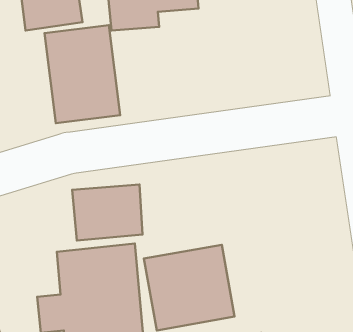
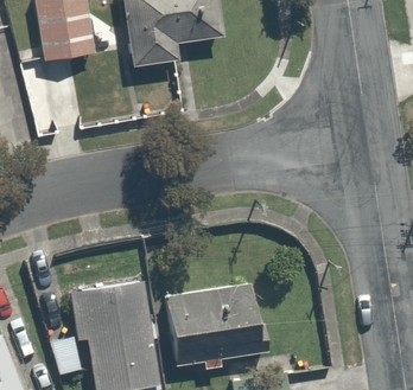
building: [45,25,120,123] -> none
building: [72,184,143,241] -> none

